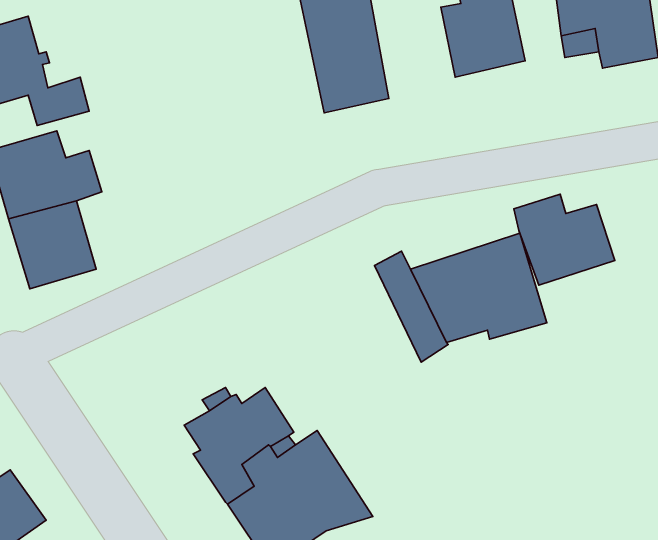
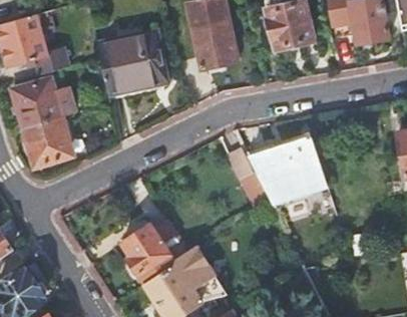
building: none -> [96,24,164,95]
building: [514,194,615,285] -> none

